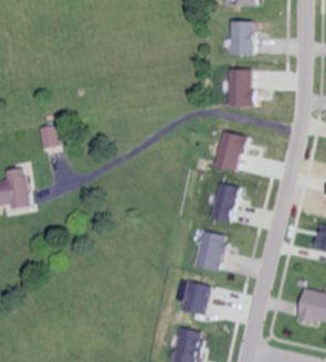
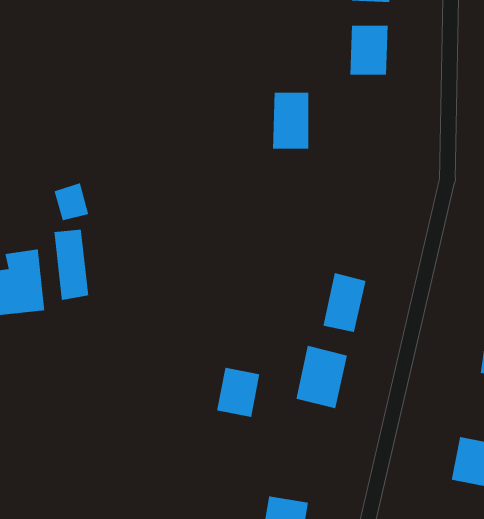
building: [229,68,253,106] -> [272,92,309,149]
building: [215,131,250,171] -> none
building: none -> [54,229,89,301]
building: [180,281,209,315] -> [216,367,260,418]

